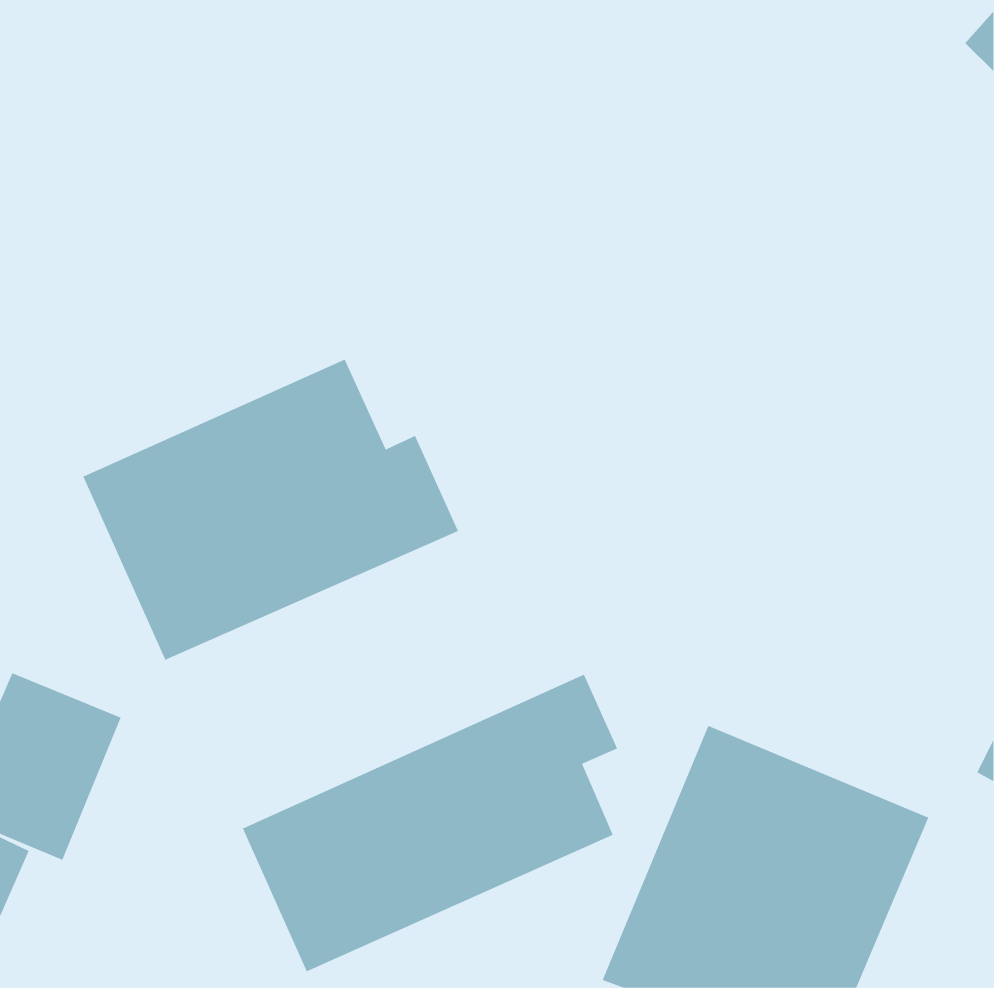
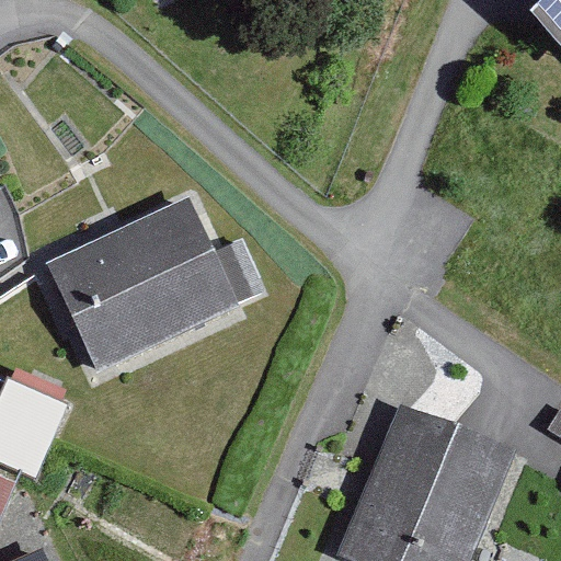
building: [242,674,618,972] -> none

